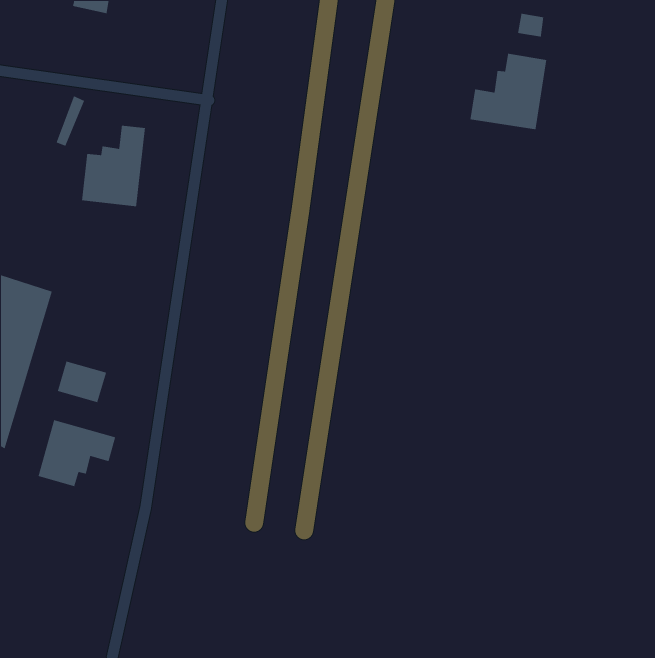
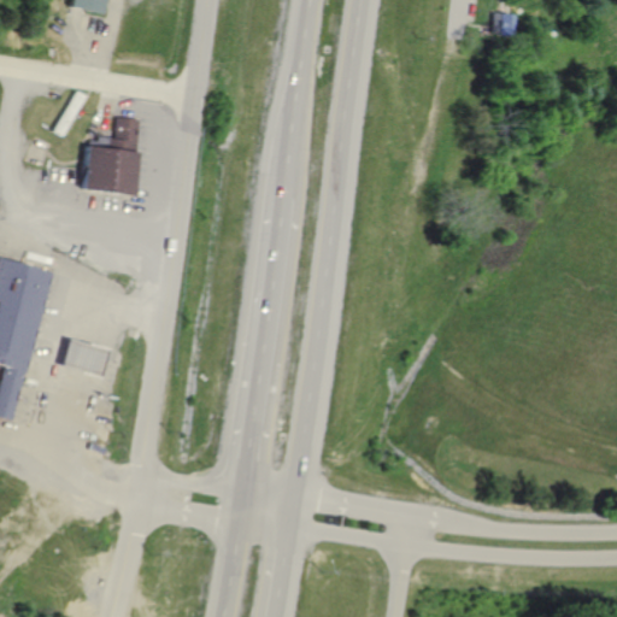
building: [470,53,547,130] -> none
building: [37,419,116,487] -> none

